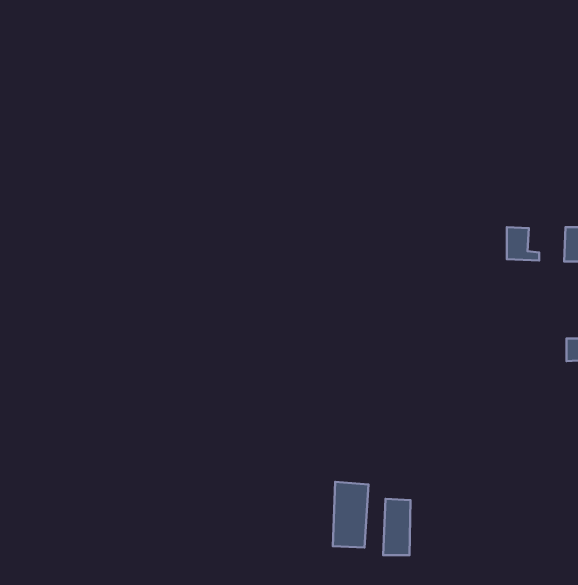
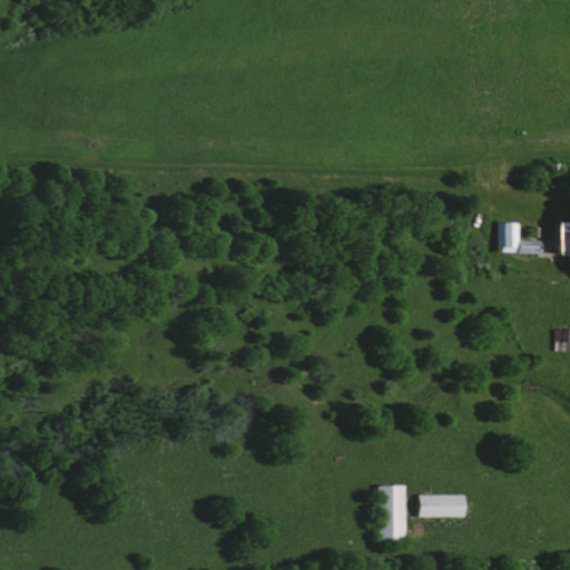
building: [333,482,369,547] -> none
building: none -> [421,494,465,518]

